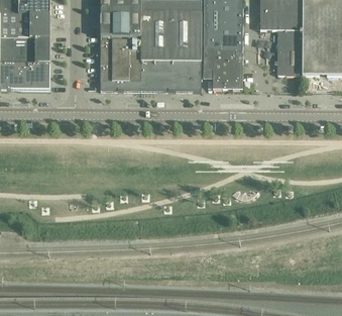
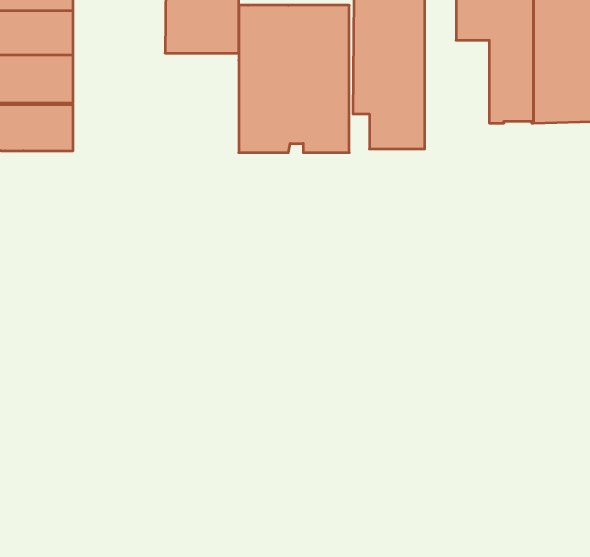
building: [101,37,141,89] -> none

